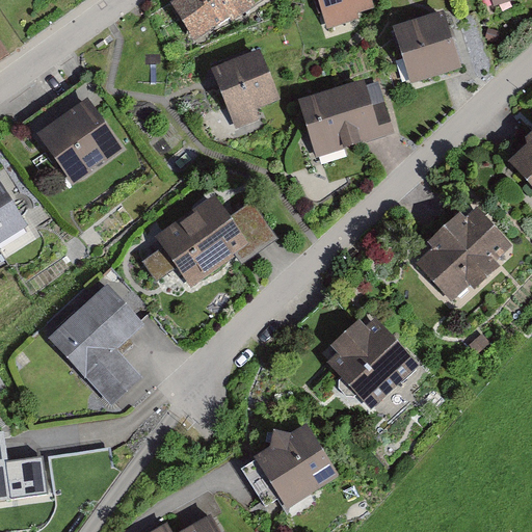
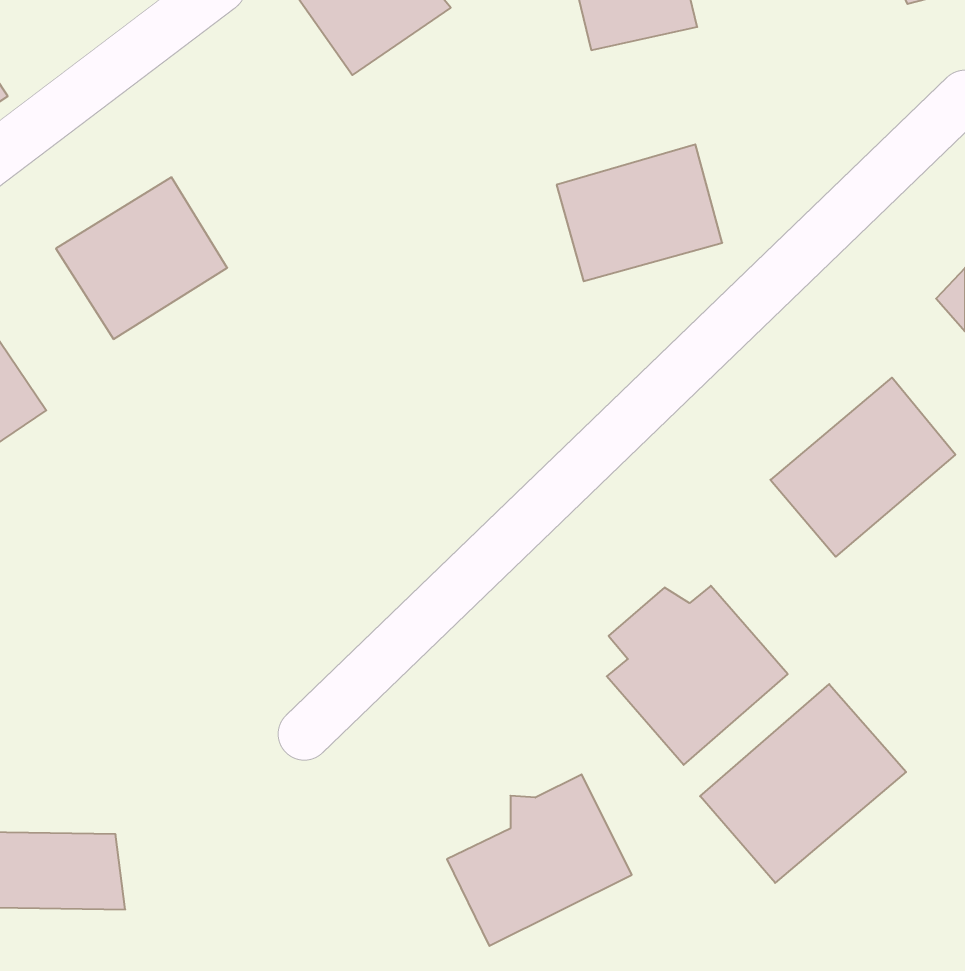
building: [390,12,464,82] -> none
building: [203,52,275,133] -> none
building: [141,196,273,281] -> none
building: [43,278,150,409] -> none
building: none -> [700,684,906,883]

